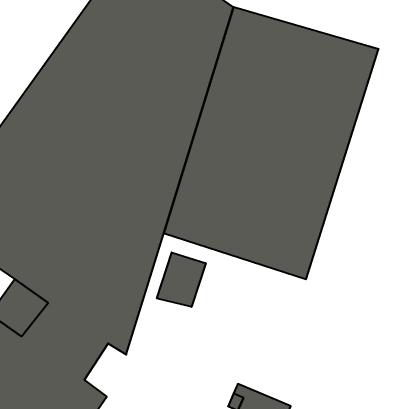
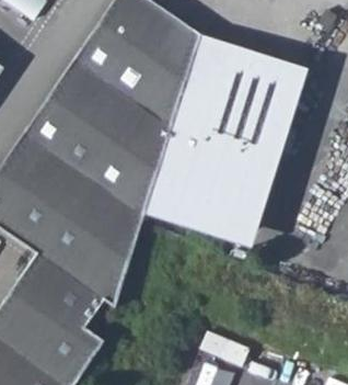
building: [157,252,206,307] -> none

